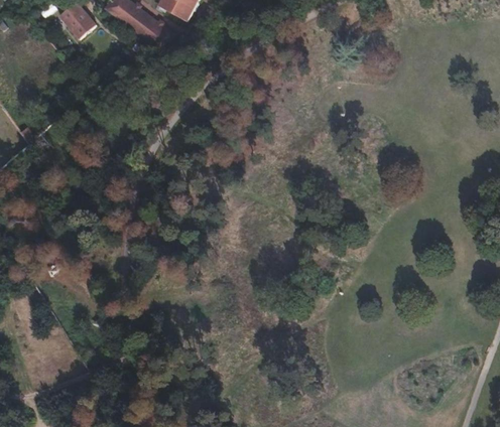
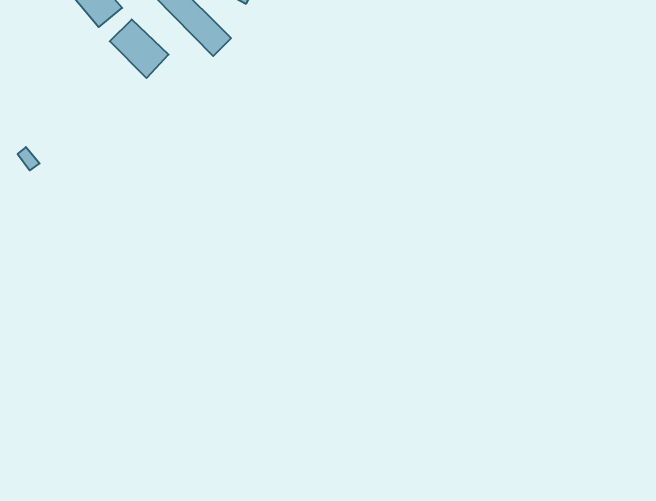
building: none -> [110,19,169,78]

